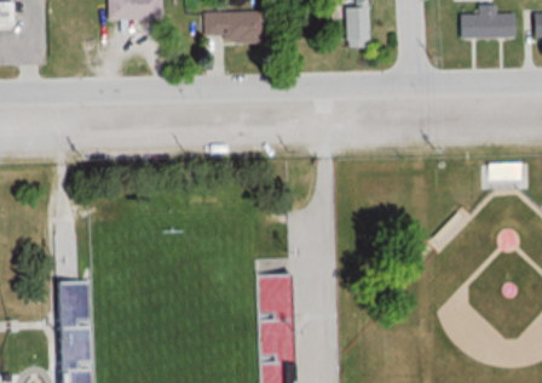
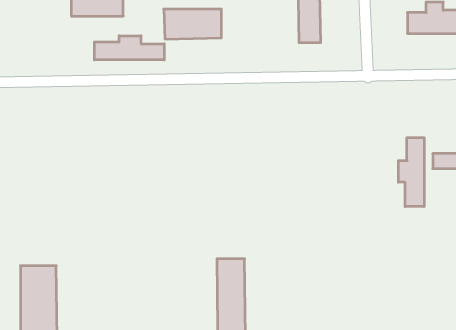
building: none -> [94,36,164,60]
building: none -> [398,138,424,207]

